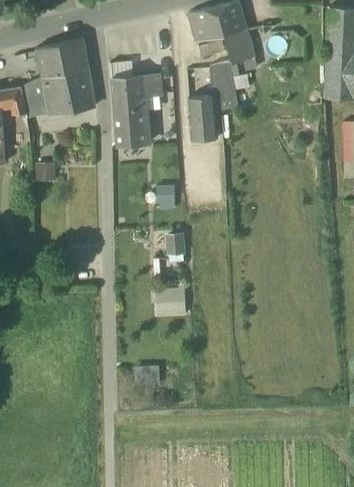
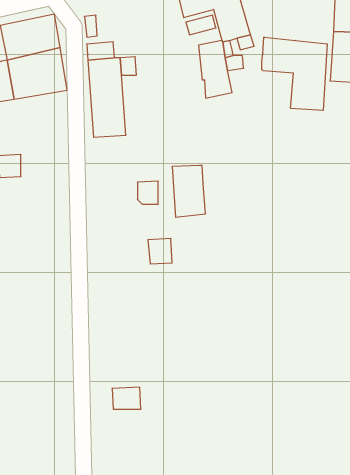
building: none -> [262,37,327,110]
building: [188,97,217,142] -> [172,165,206,217]
building: [158,289,190,316] -> none

